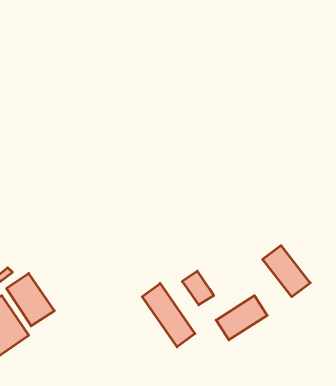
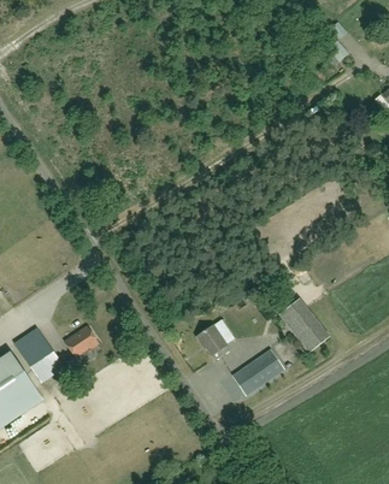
building: none -> [64,325,99,366]
building: [142,283,195,347] -> none

